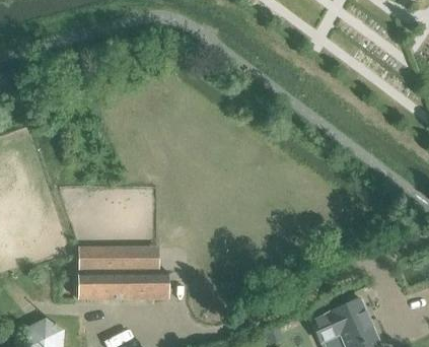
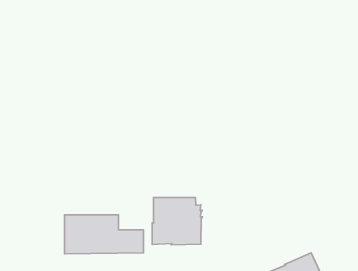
building: none -> [152,197,202,245]

